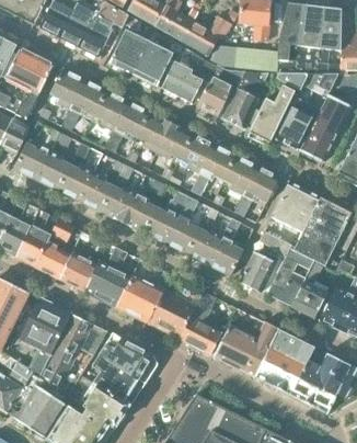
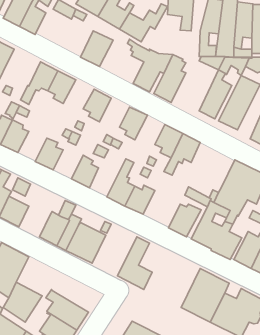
building: [79,20,112,56] -> none
building: [110,30,149,73] -> none
building: [210,45,278,71] -> none
building: [161,61,201,102] -> none
building: [51,69,85,109] -> none
building: [250,84,295,141] -> none
building: [104,101,150,152] -> none
building: [157,123,193,158] -> none
building: [58,143,93,200] -> none
building: [191,144,235,195] -> none
building: [272,181,320,231] -> none
building: [101,185,137,220] -> none
building: [145,190,188,242] -> none
building: [209,217,250,274] -> none
building: [59,251,97,291] -> none
building: [148,284,201,338] -> none
building: [56,315,106,362] -> none
building: [214,322,278,376] -> none
building: [100,336,156,382] -> none

